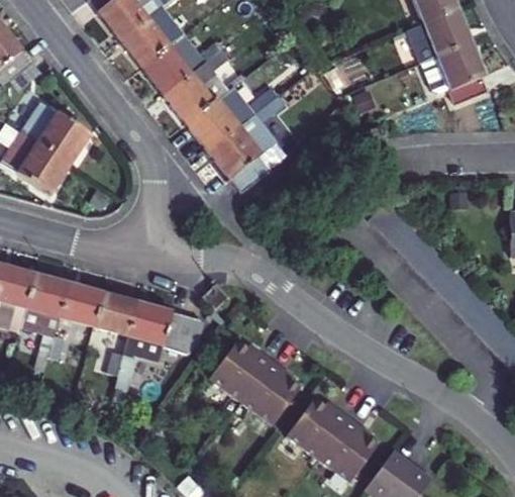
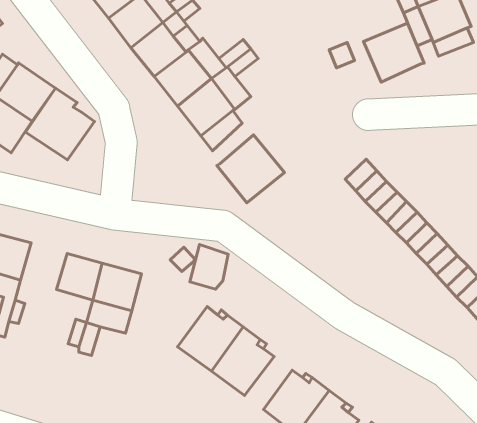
building: none -> [364,23,424,82]
building: none -> [25,88,94,160]
building: none -> [217,135,285,203]
building: [58,280,102,324] -> none
building: [164,309,200,352] -> [190,245,228,289]

